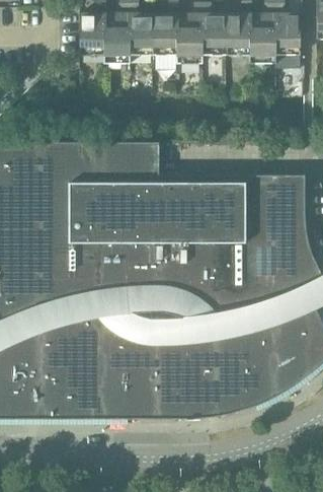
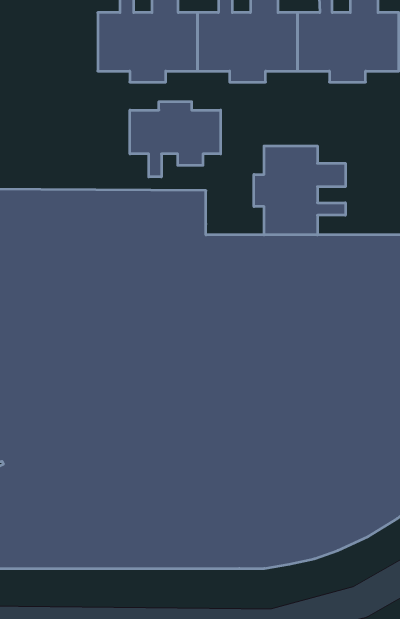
building: none -> [130,102,221,177]
building: none -> [254,146,345,235]

